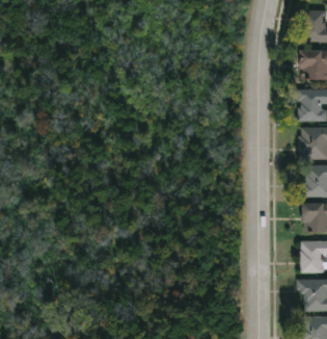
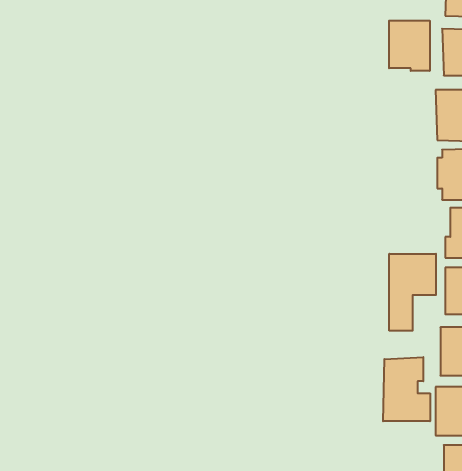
building: none -> [389,21,430,71]
building: none -> [389,254,436,331]
building: none -> [383,357,430,421]

